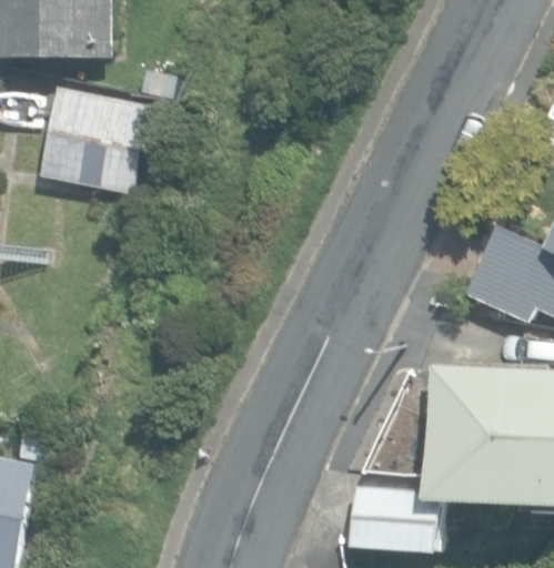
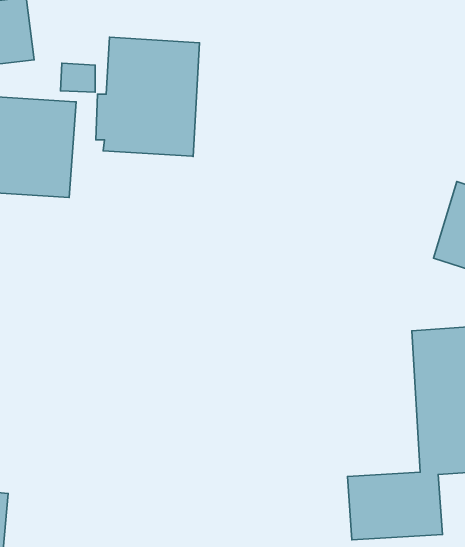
building: none -> [96,37,200,156]

